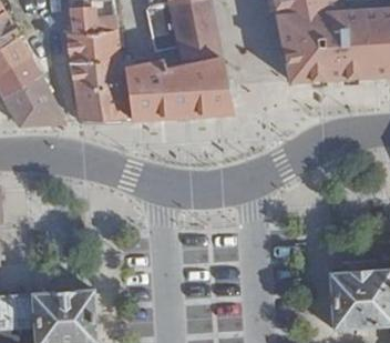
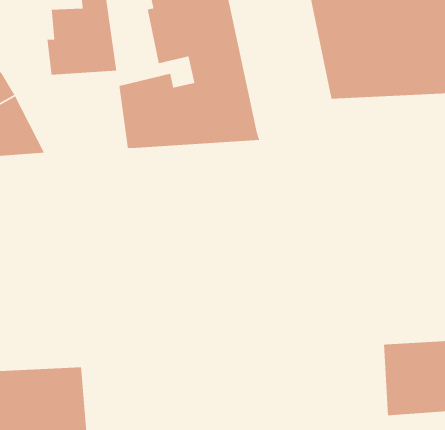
building: [70,58,130,121] -> none

